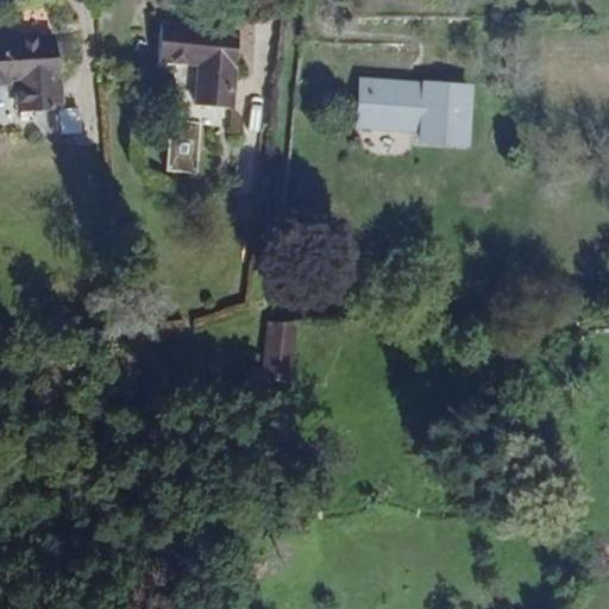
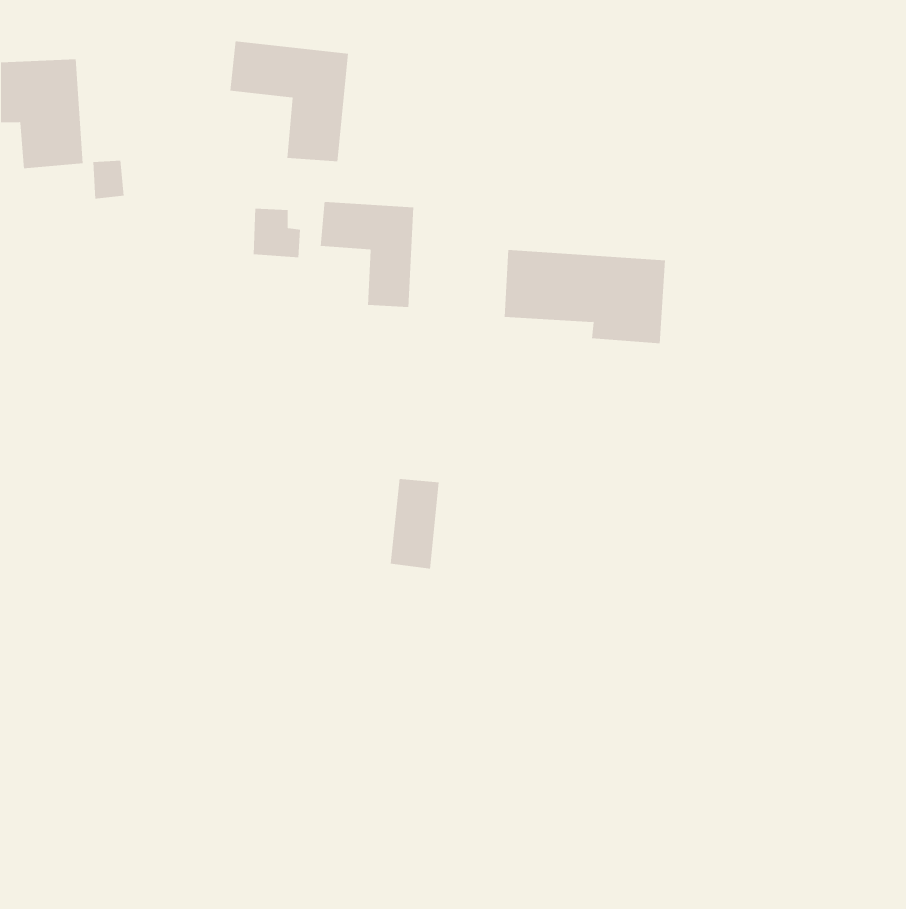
building: [362,82,470,145] -> [504,249,666,344]
building: none -> [320,201,414,308]

